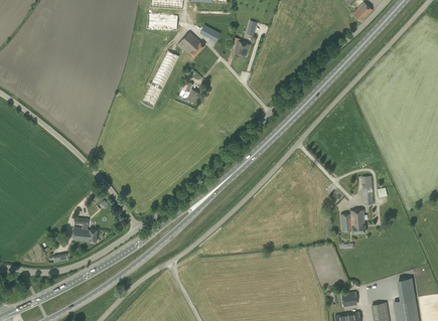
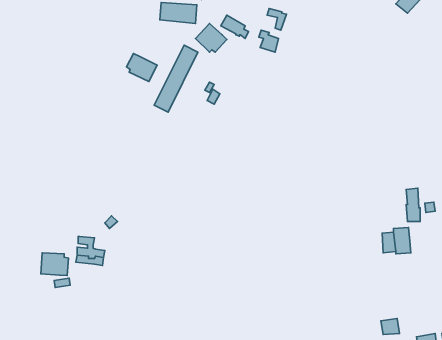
building: none -> [126,53,157,81]
building: none -> [41,253,69,276]

